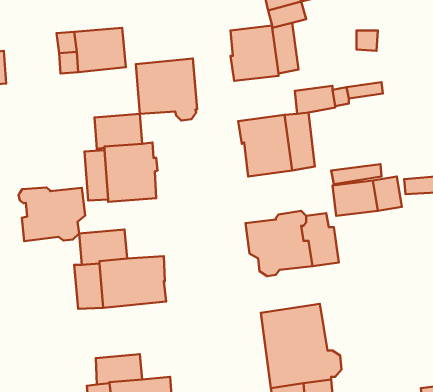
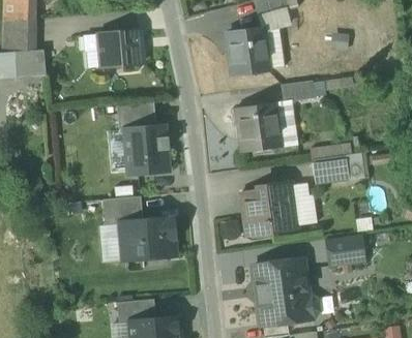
building: [136,59,197,121] -> none
building: [18,187,85,241] -> none
building: none -> [325,234,366,267]

